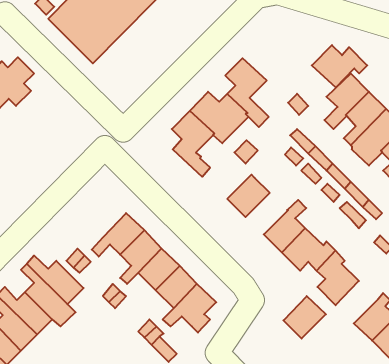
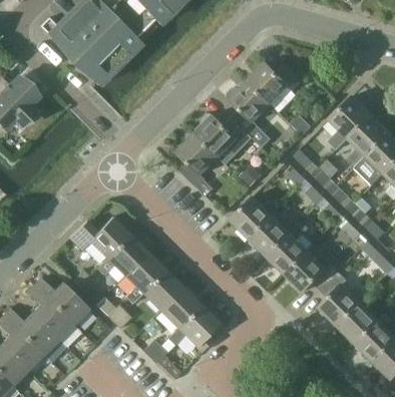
building: [312,45,367,88] -> [247,61,302,103]
building: none -> [250,211,292,256]
building: none -> [69,217,131,259]
building: [283,296,326,339] -> [339,302,381,344]

